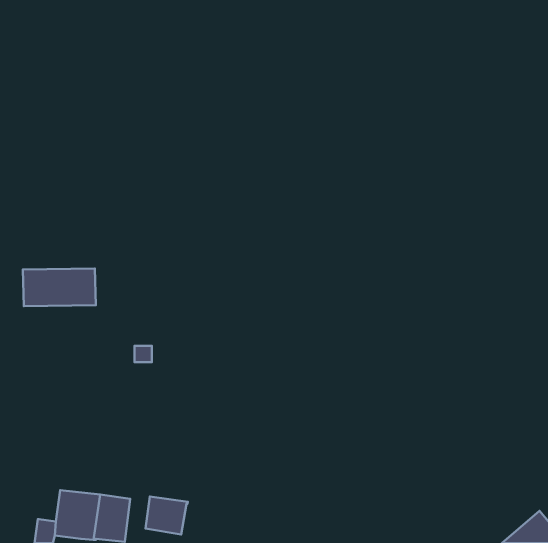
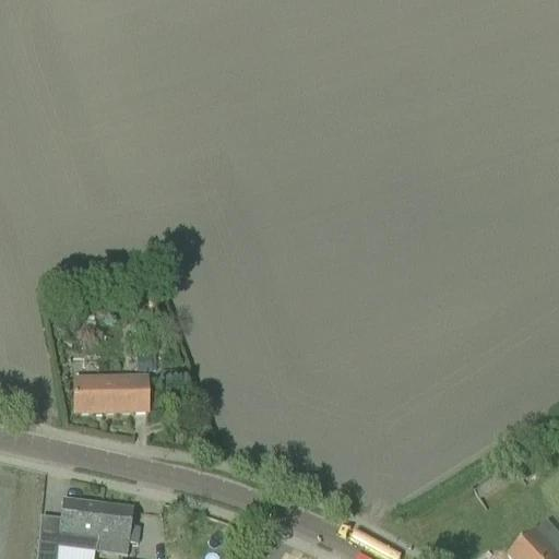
building: [23,269,96,306] -> [74,373,148,412]
building: [145,497,188,534] -> none

